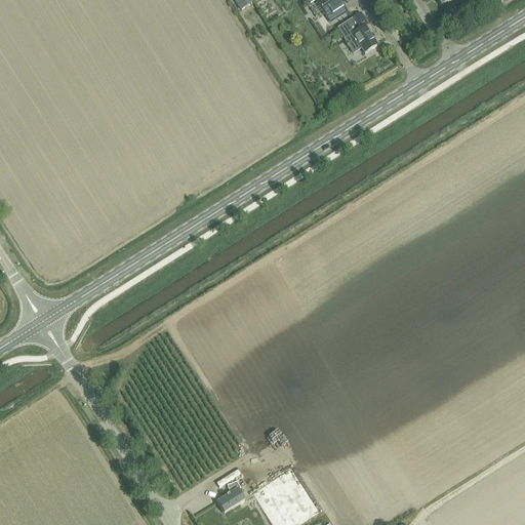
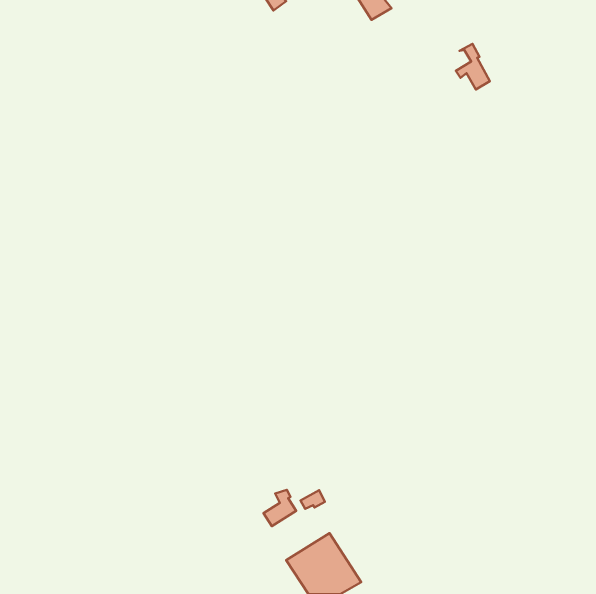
building: [346,13,375,53] -> [456,44,490,89]
building: [215,482,244,514] -> [264,490,296,526]

